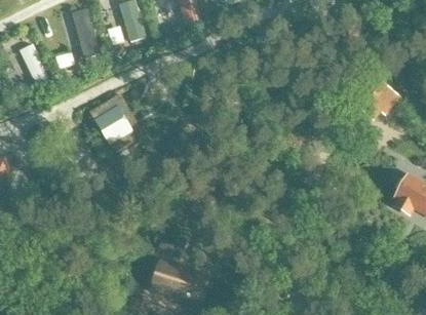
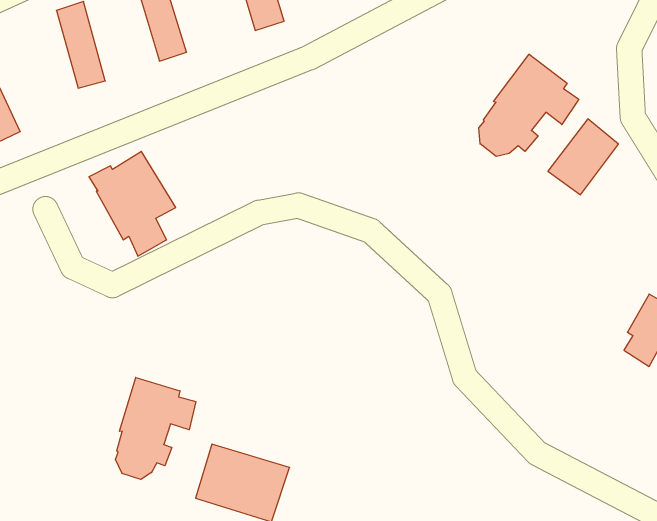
building: none -> [479,54,579,156]
building: none -> [115,377,196,479]

